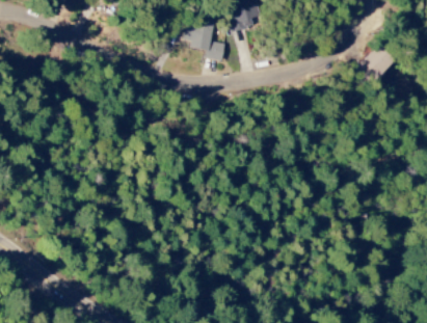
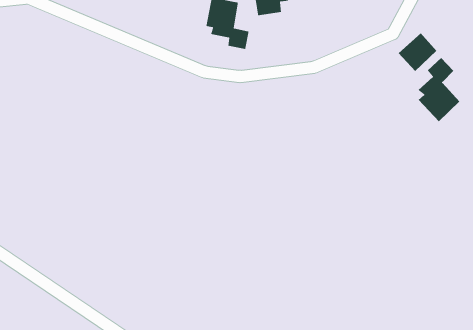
building: none -> [418,57,460,122]

